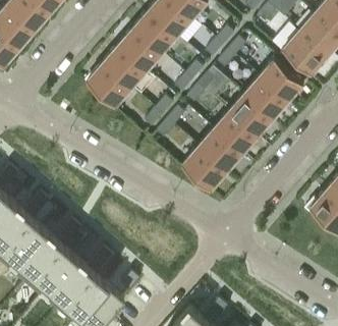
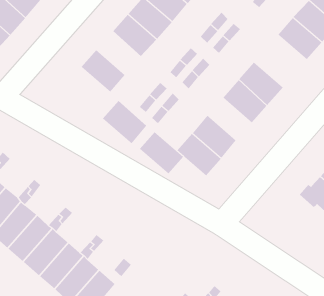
building: [102,46,147,90] -> [102,100,147,144]
building: [260,59,304,102] -> none
building: [213,112,258,155] -> [139,131,184,174]

